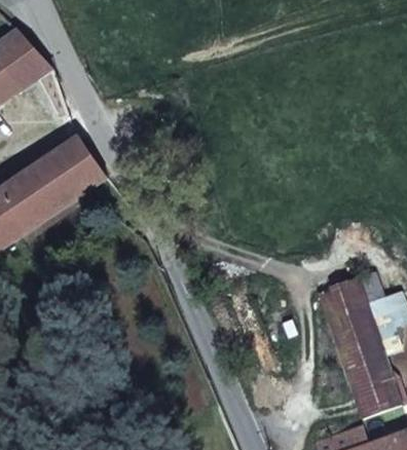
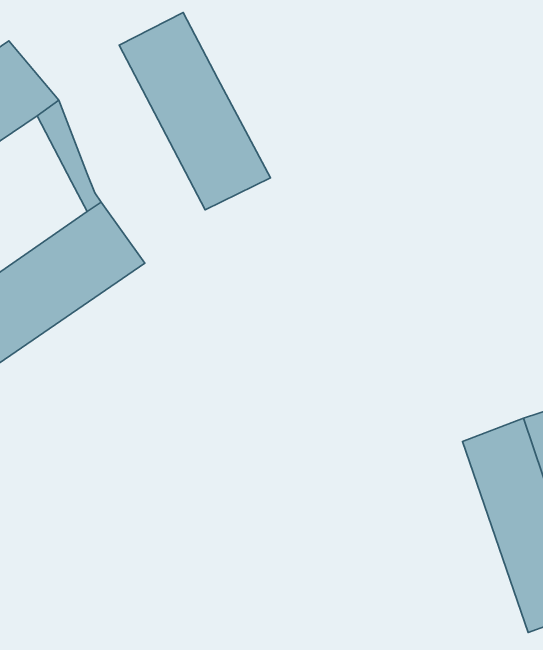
building: none -> [119,12,271,210]

